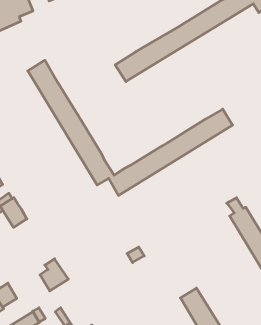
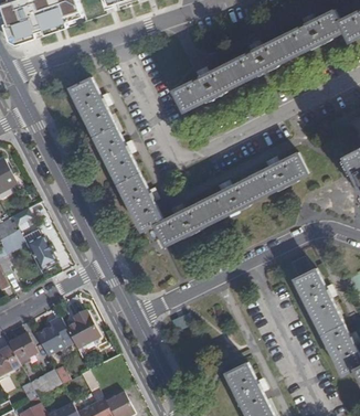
building: none -> [33,317,68,356]

